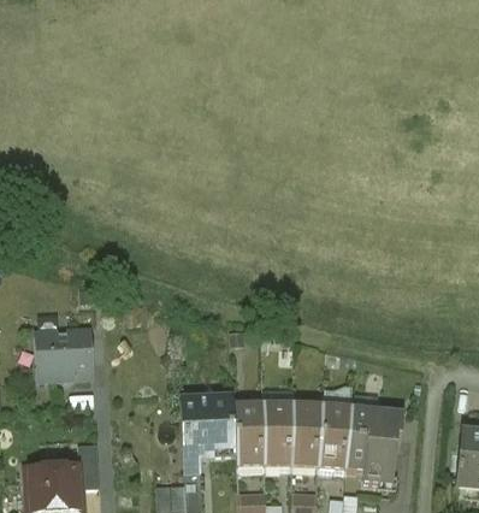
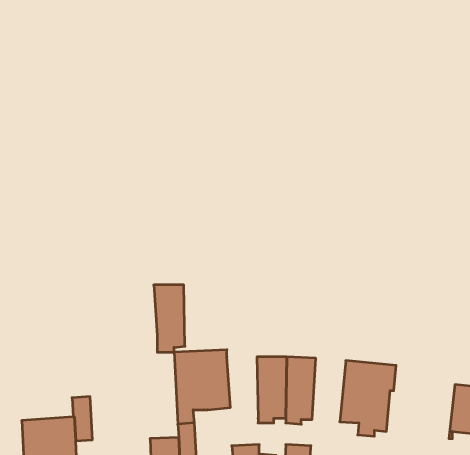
building: [36,329,91,376] -> none
building: [232,401,264,468] -> [154,285,185,352]
building: [318,402,351,470] -> none

